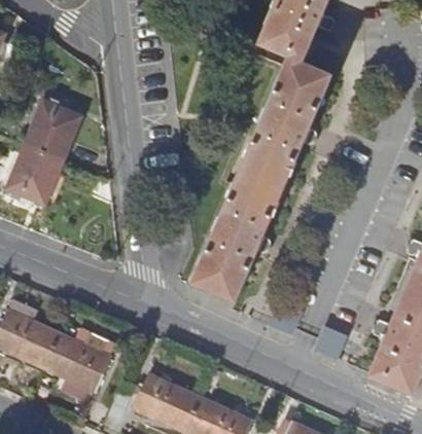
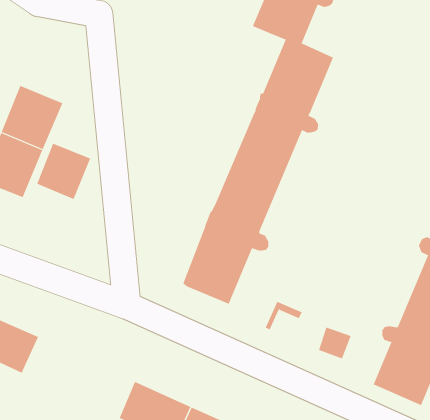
building: none -> [36,143,91,200]
building: [43,333,110,391] -> none

